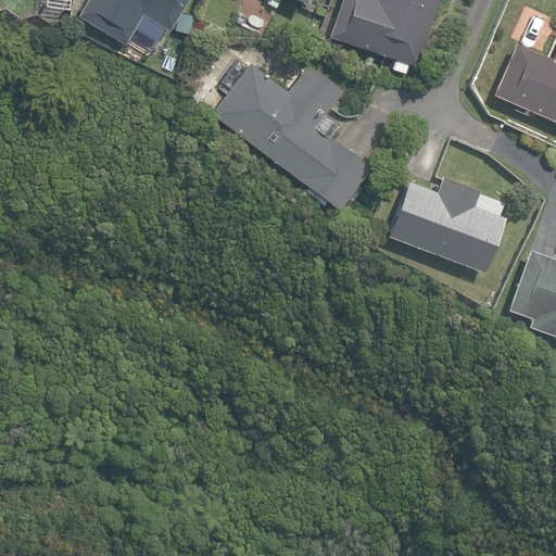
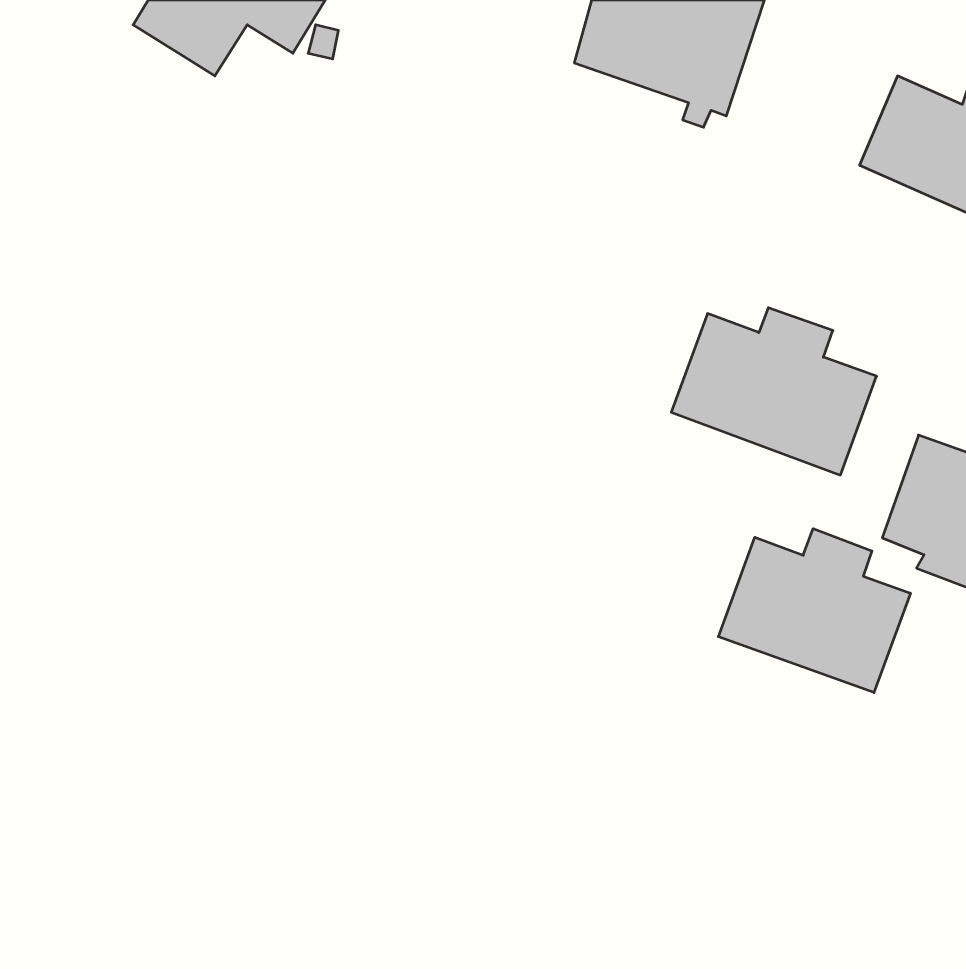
building: [213,63,372,211] -> none
building: none -> [718,529,910,693]

